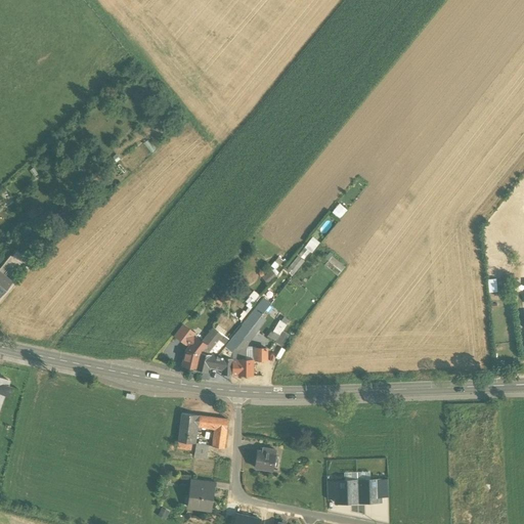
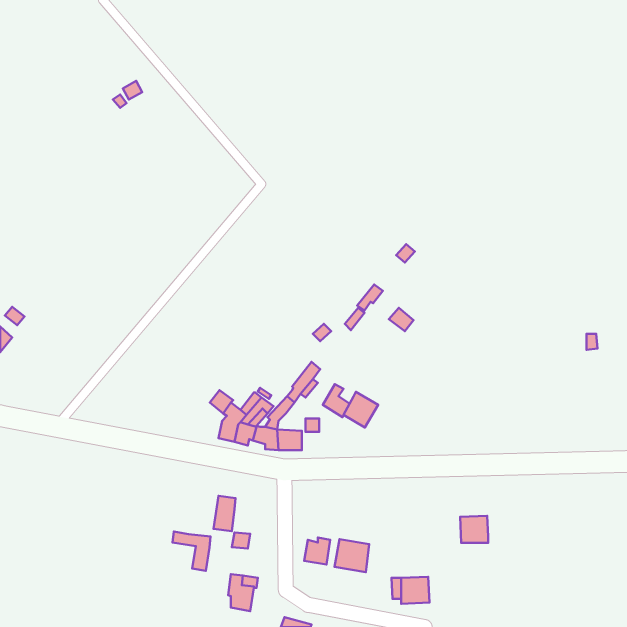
building: none -> [344,392,378,427]
building: [195,416,227,448] -> [173,532,211,571]
building: none -> [335,539,369,572]
building: [357,480,381,503] -> [460,516,488,543]

